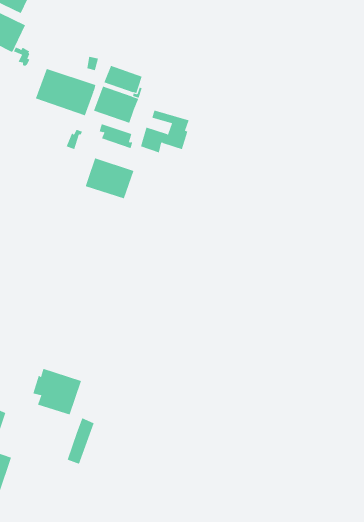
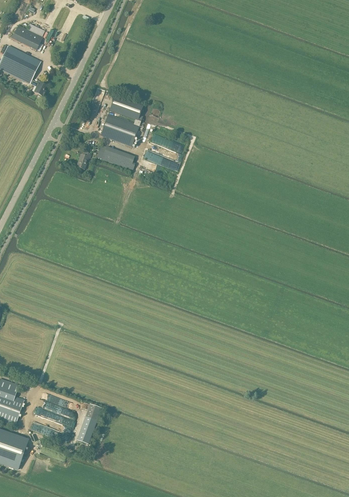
building: [35,68,96,116] -> none
building: [85,158,134,199] -> none
building: [33,368,82,415] -> [34,399,77,440]

